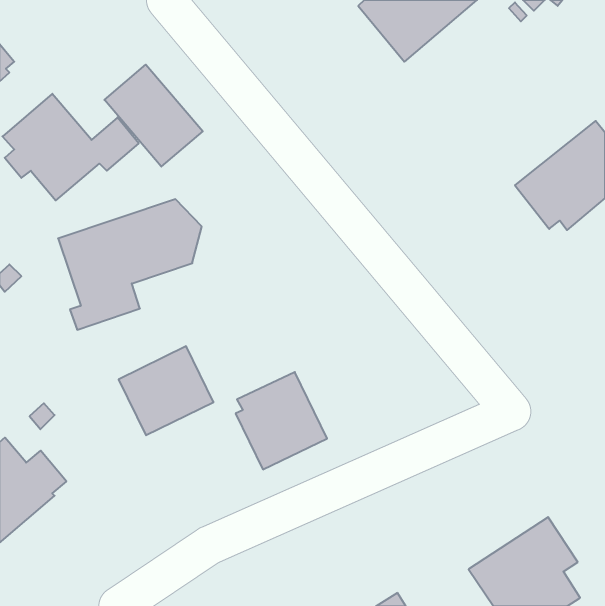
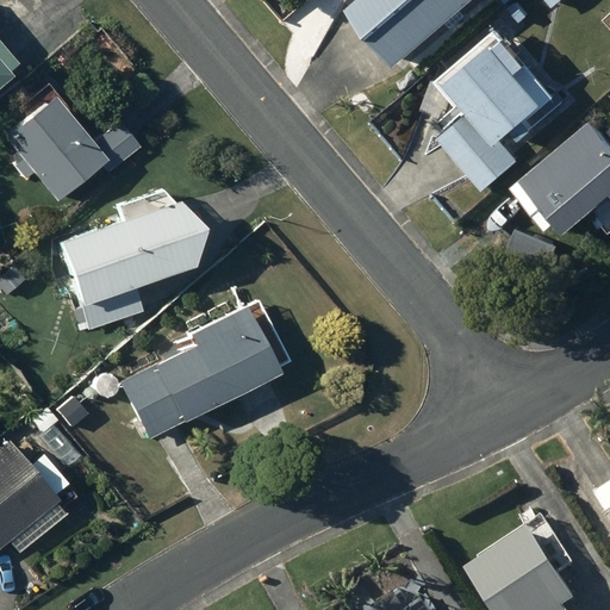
building: none -> [442,36,556,189]
building: [104,65,203,167] -> none
building: [236,372,327,469] -> [187,306,279,404]

